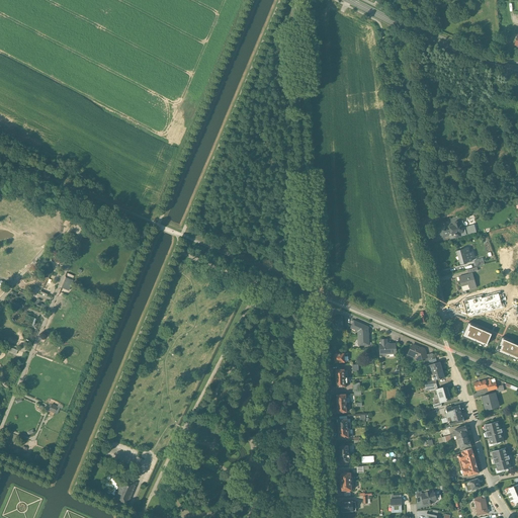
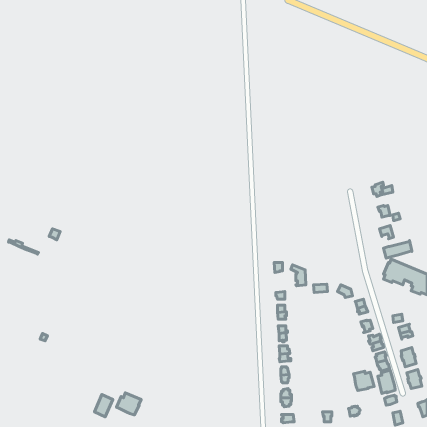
building: none -> [354,371,374,391]
building: none -> [116,393,141,415]

